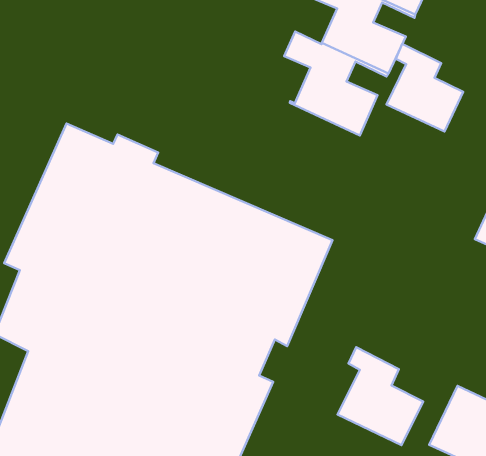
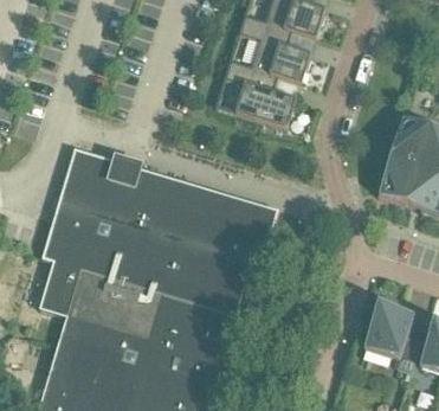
building: [386,44,463,131] -> none
building: [337,347,423,445] -> none

